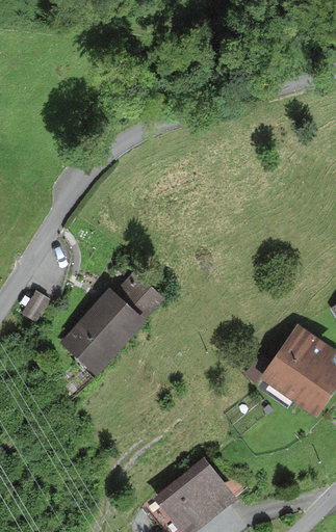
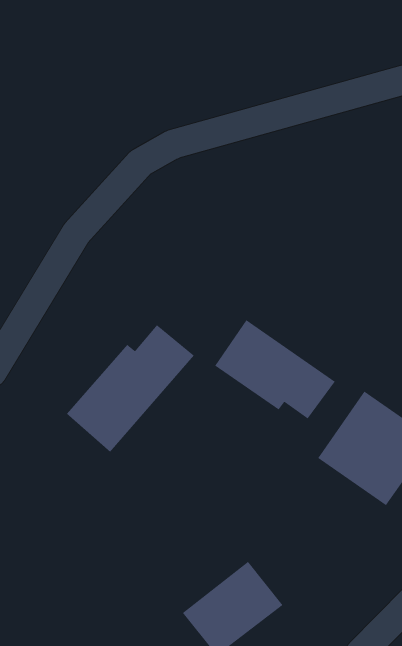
building: none -> [214,319,336,419]

